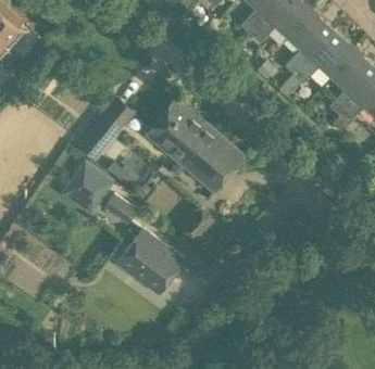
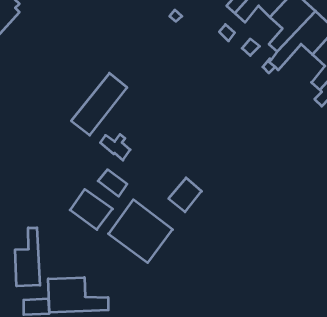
building: [143,97,243,191] -> none
building: [67,161,112,203] -> [70,189,113,230]
building: none -> [15,228,40,286]
building: none -> [48,277,108,313]

